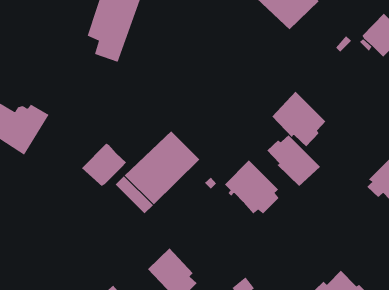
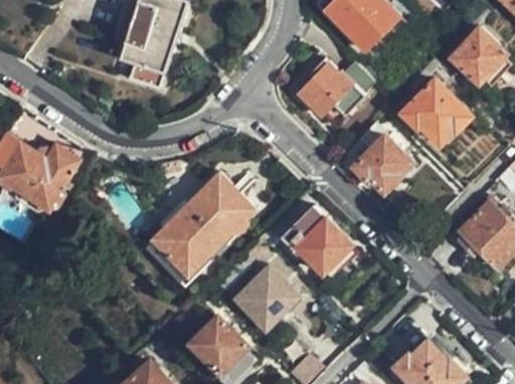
building: none -> [299,62,374,124]
building: none -> [402,81,469,145]
building: [266,134,321,187] -> none
building: [81,143,127,187] -> none
building: none -> [235,266,298,328]

